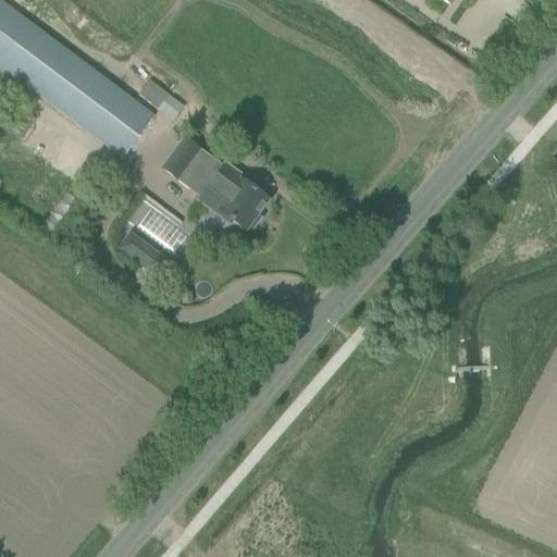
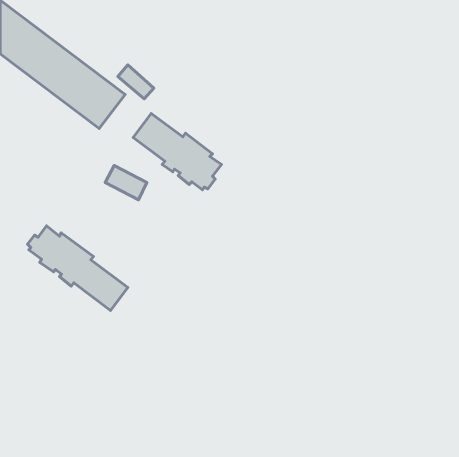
building: [119,232,156,267] -> none
building: none -> [27,226,128,310]

